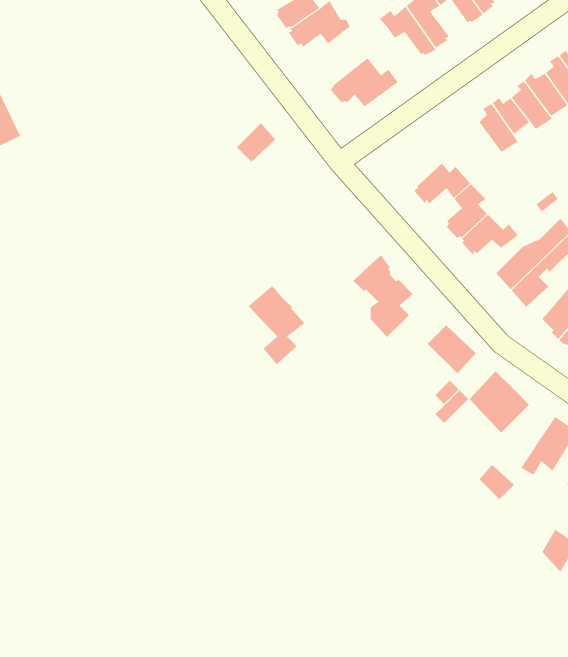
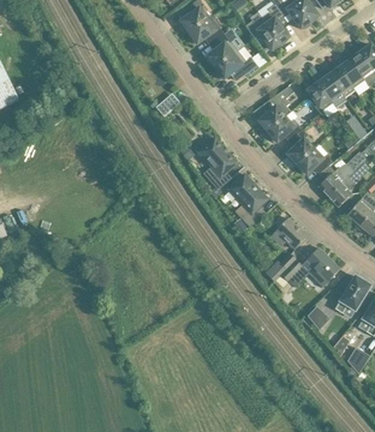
building: none -> [206,34,238,68]
building: none -> [258,85,293,132]
building: [248,285,305,365] -> [200,139,236,190]

